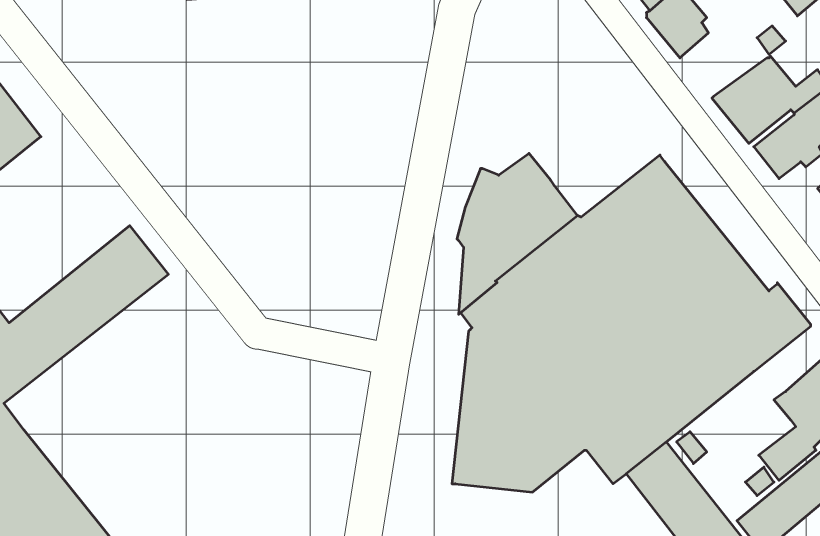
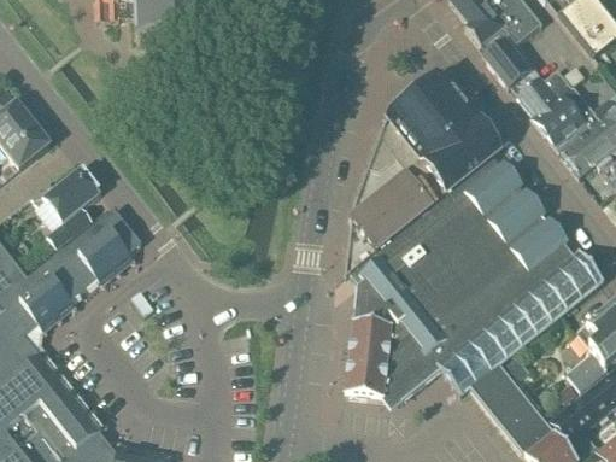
building: none -> [518,68,573,115]
building: none -> [368,71,504,201]
building: none -> [31,166,100,247]

